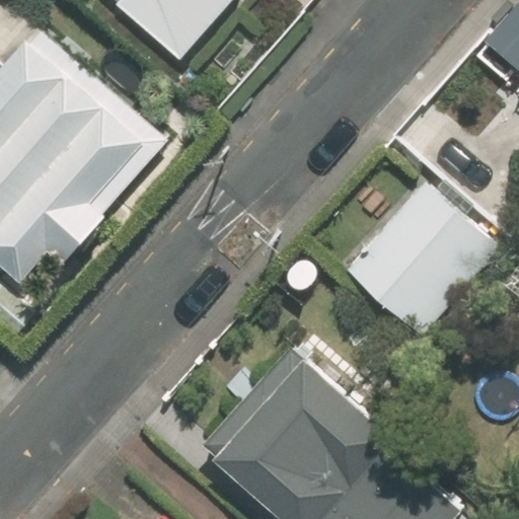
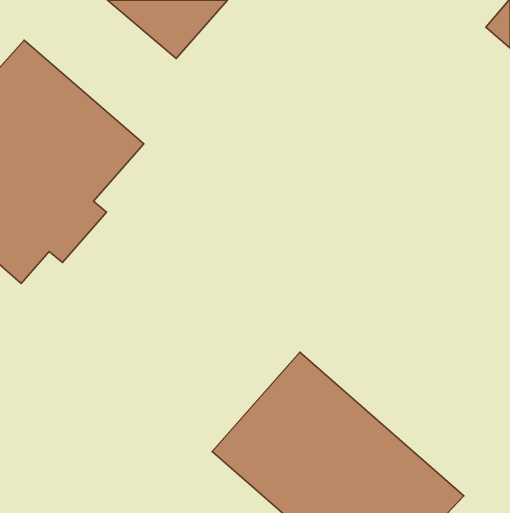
building: [347,178,497,330] -> none

